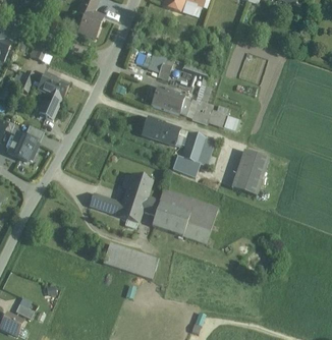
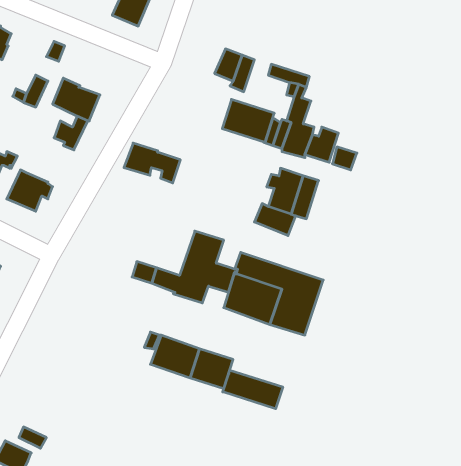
building: [141,118,178,145] -> [124,143,180,183]
building: [230,151,267,195] -> none
building: none -> [223,370,283,409]

